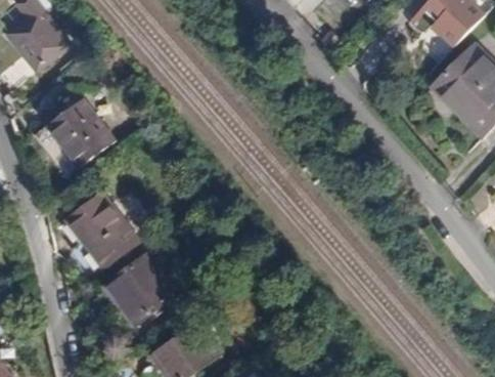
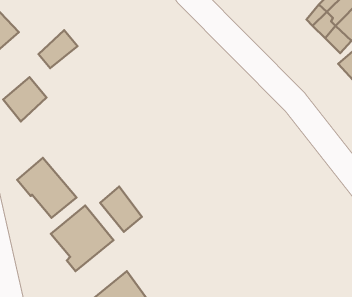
building: [72,121,117,165] -> [39,30,78,68]
building: none -> [100,187,142,232]

